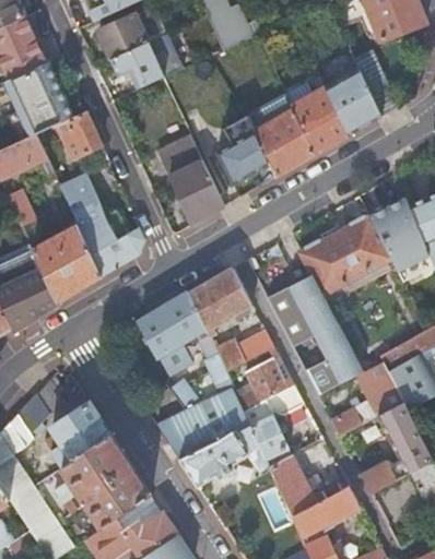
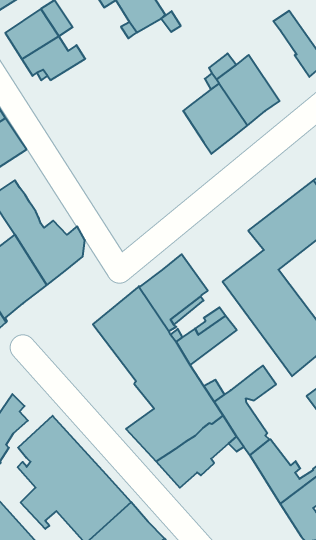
building: [325,69,379,135] -> none
building: [214,115,270,183] -> none
building: [157,134,223,225] -> none
building: [245,357,287,402] -> none

